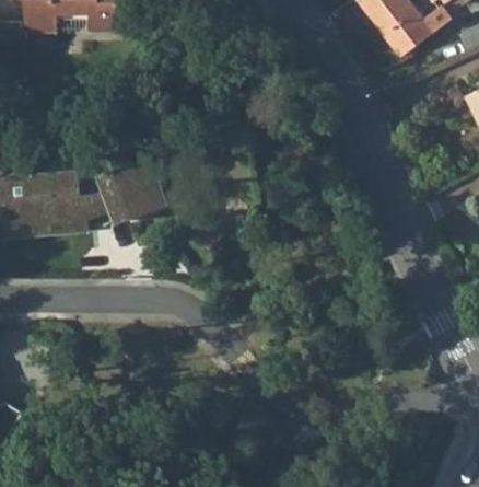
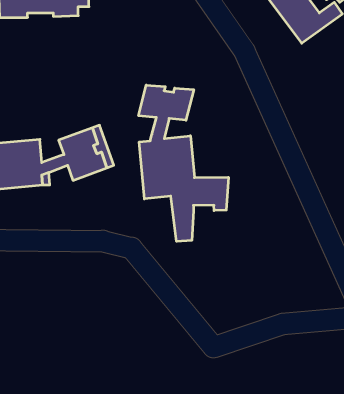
building: none -> [139,85,228,241]

